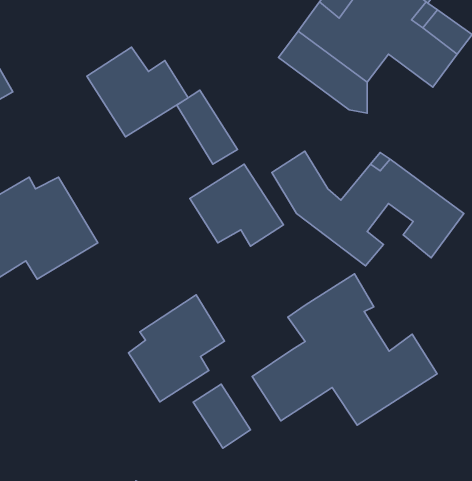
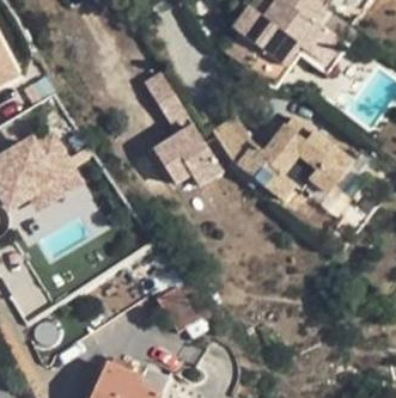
building: [87,47,188,137] -> none
building: [252,274,437,425] -> none
building: [128,295,225,402] -> none

